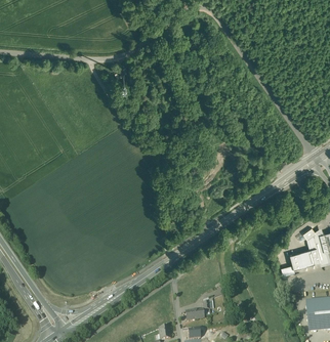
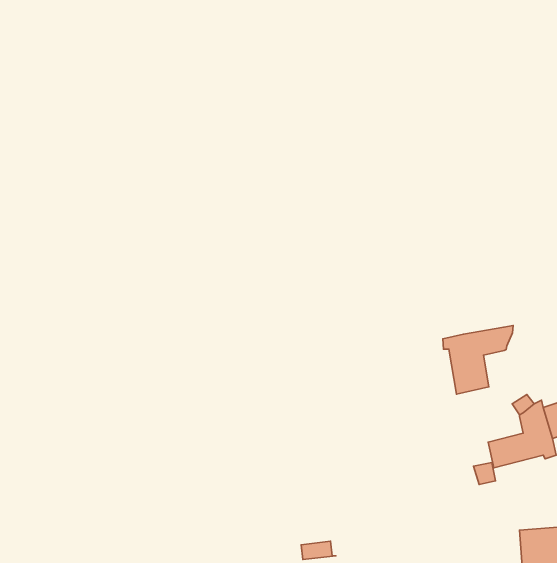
building: none -> [443,325,513,394]

